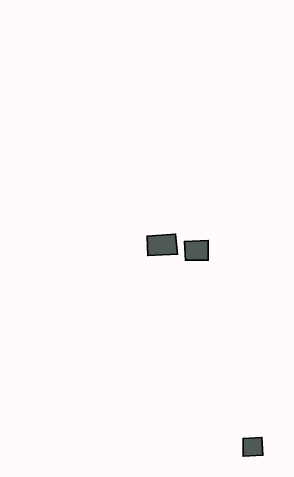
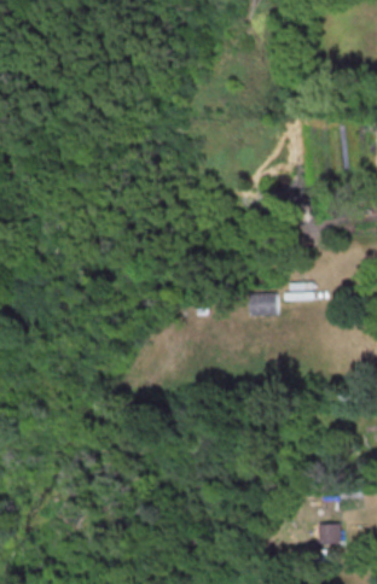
building: [147,234,178,256] -> none

